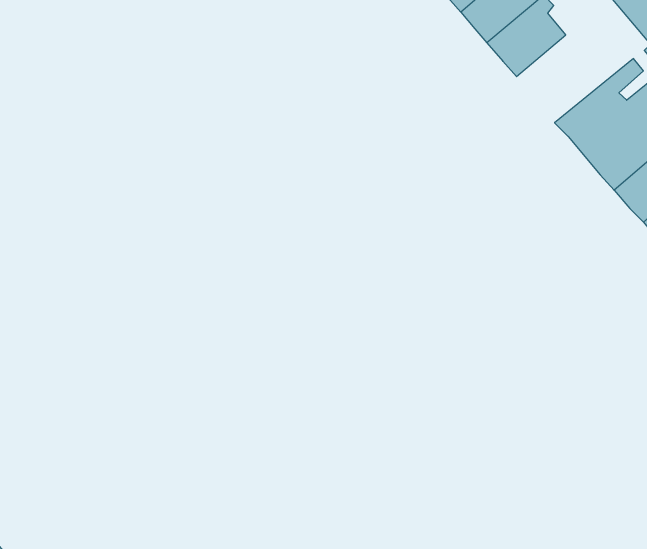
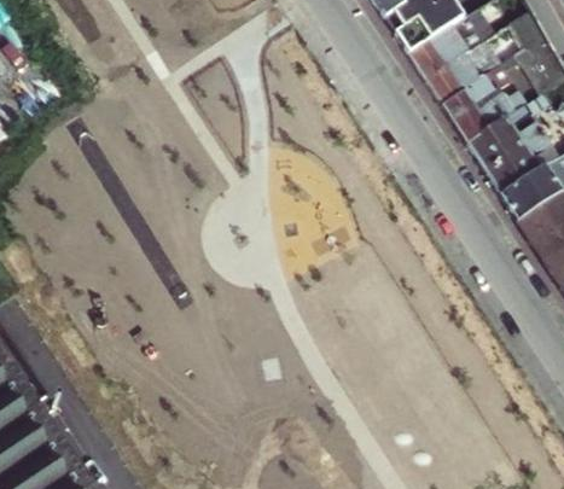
building: none -> [442,64,527,139]

